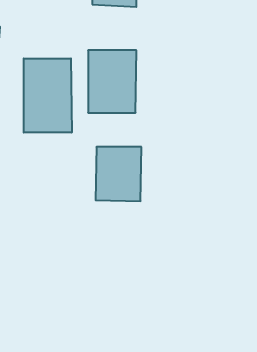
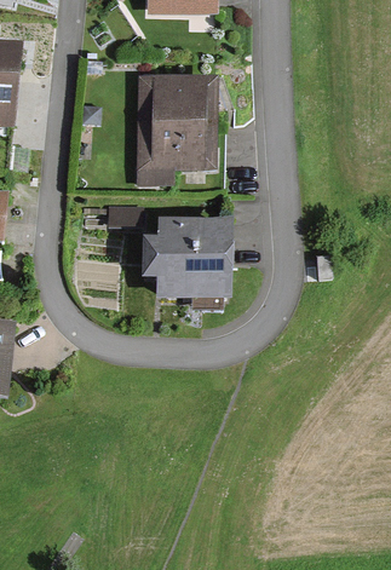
building: [24,58,72,133] -> none

